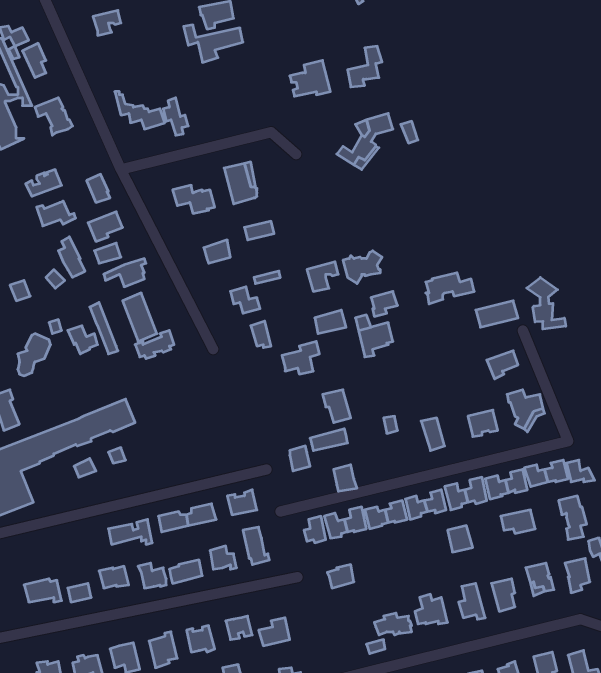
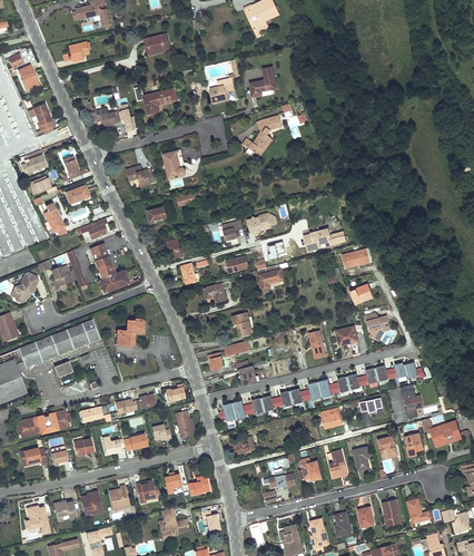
building: [184,25,243,62] -> [135,87,177,114]
building: [527,277,566,329] -> none
building: none -> [117,320,145,345]
building: none -> [16,410,70,437]

